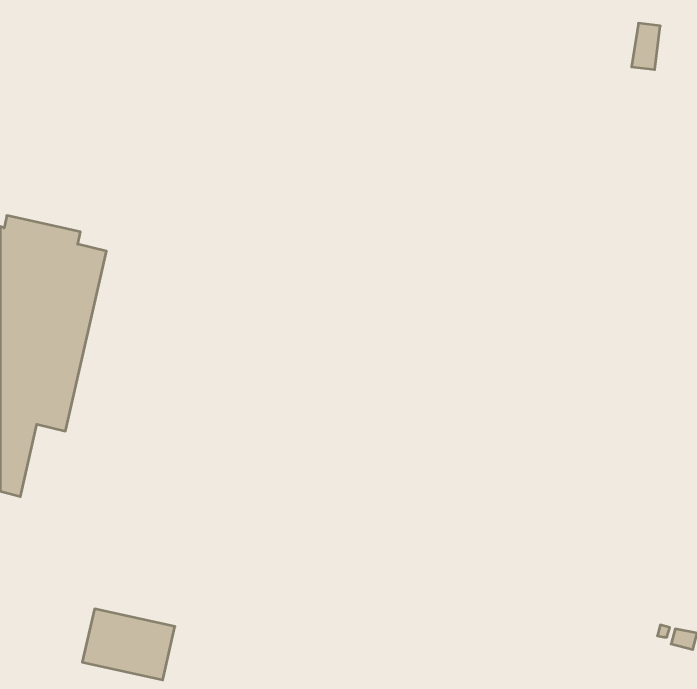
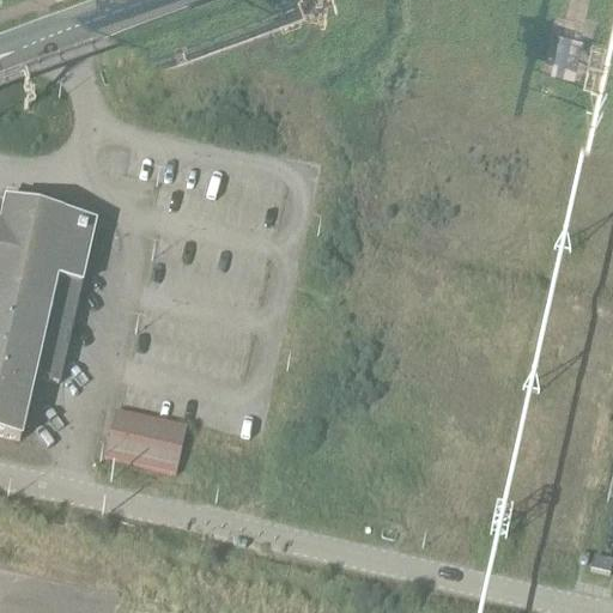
building: [82,609,175,680] -> [103,407,184,469]

